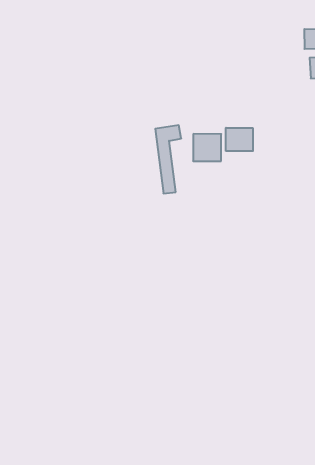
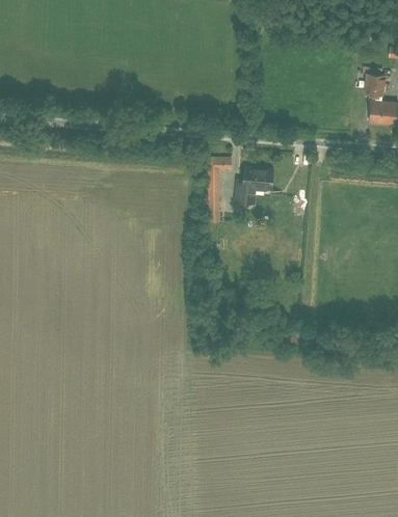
building: [226,128,253,151] -> none

